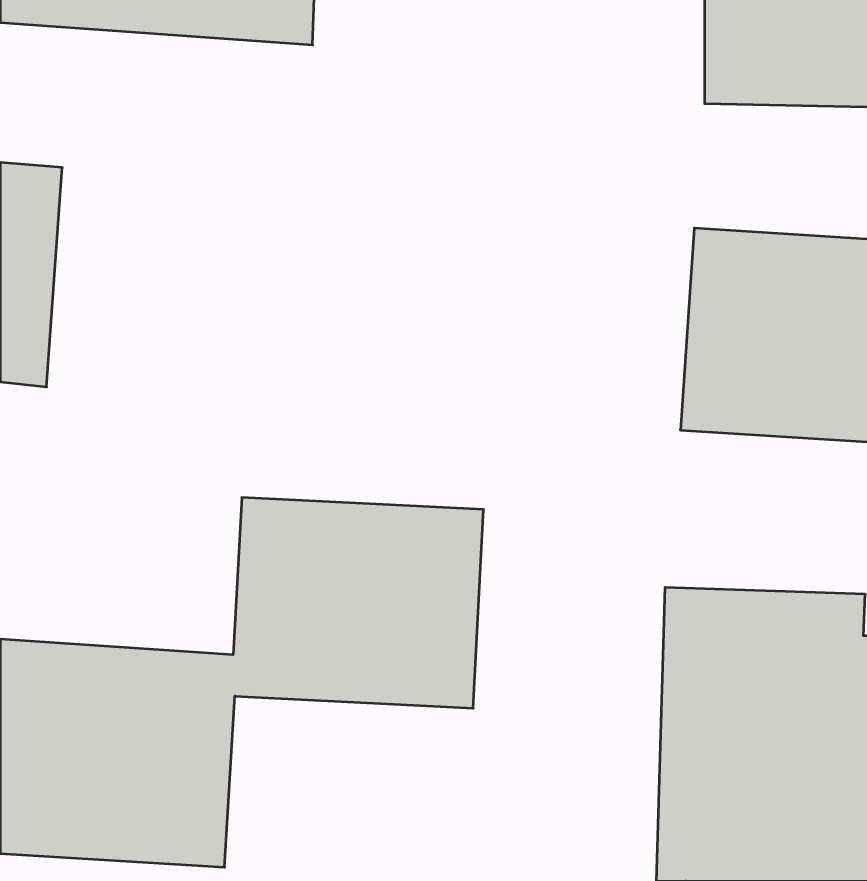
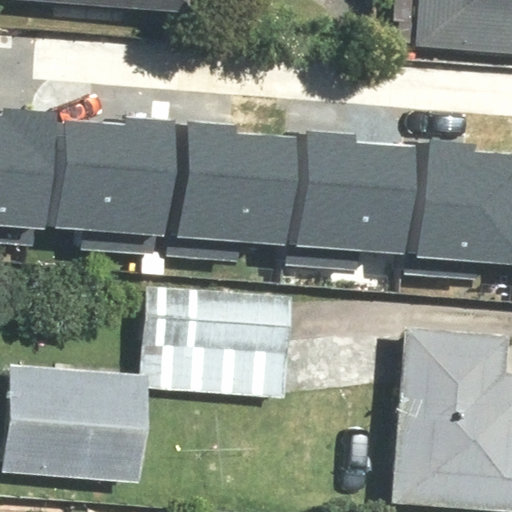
building: none -> [44,102,162,232]
building: none -> [165,108,283,243]
building: none -> [283,115,401,249]

